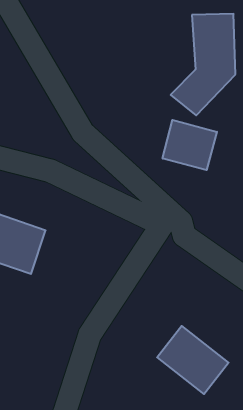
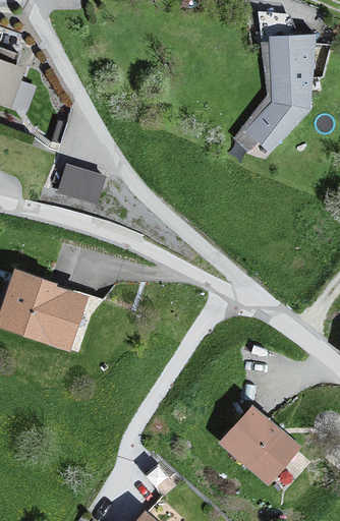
building: [163,120,217,170] -> none
building: none -> [58,163,104,198]

